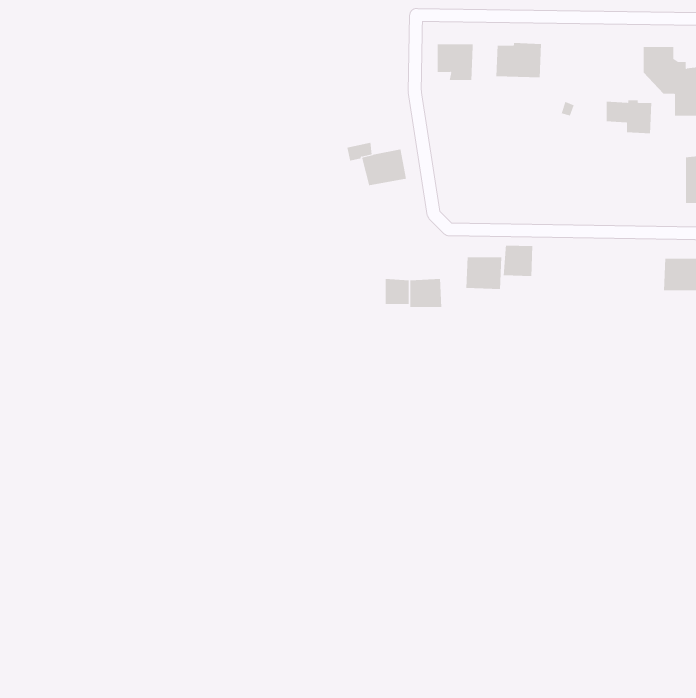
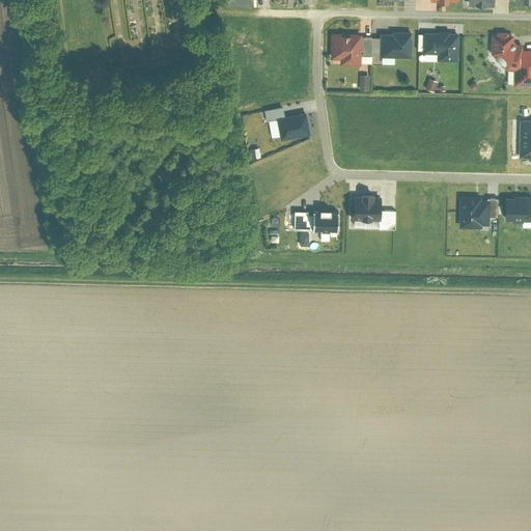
building: [606,100,652,134] -> [424,31,459,57]
building: [503,245,533,277] -> none
building: none -> [458,195,491,228]

